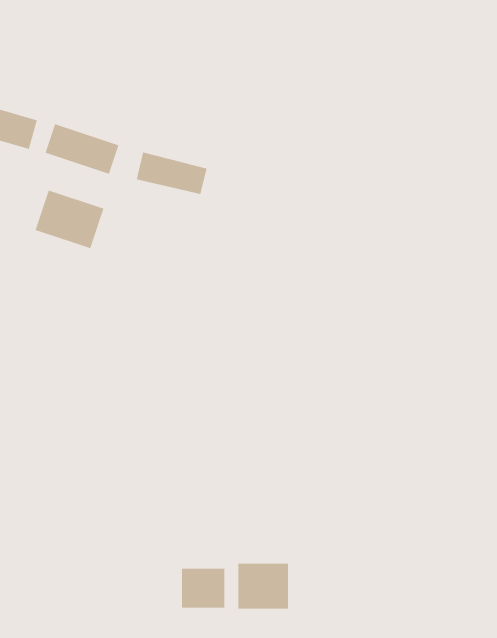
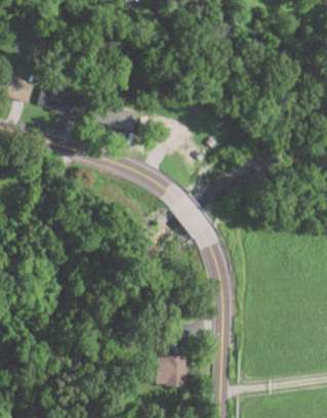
building: [35,189,105,249] -> none
building: [181,568,225,609] -> none

